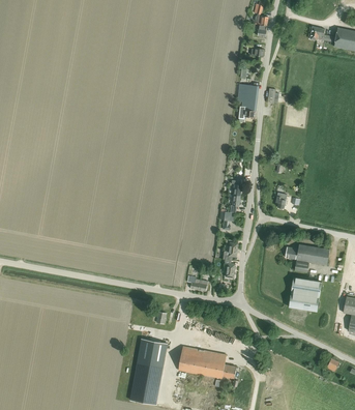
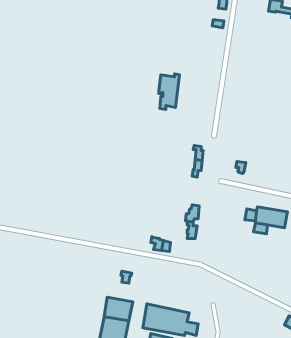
building: [238,83,260,120] -> [159,74,180,109]
building: [290,277,323,312] -> none

